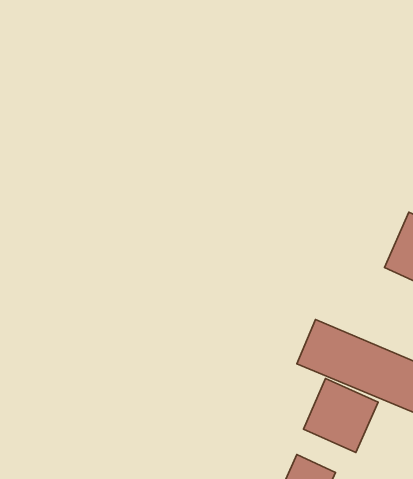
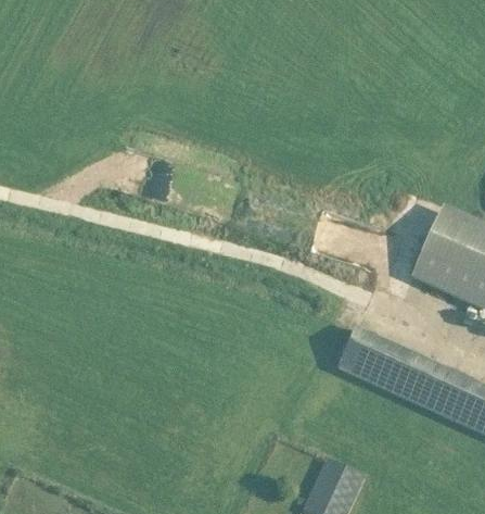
building: [303,379,378,453] -> none

